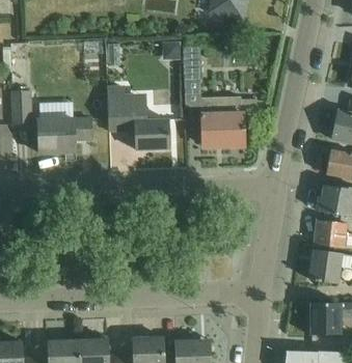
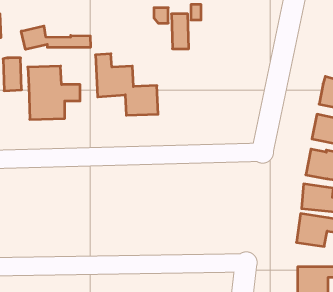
building: none -> [21,26,90,49]
building: [200,96,268,146] -> none

